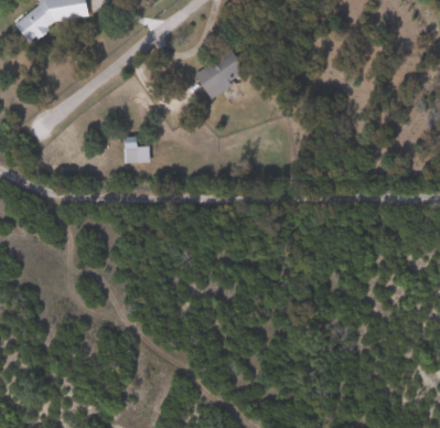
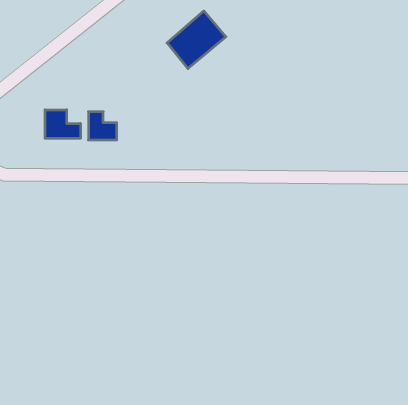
building: none -> [45,110,80,138]

